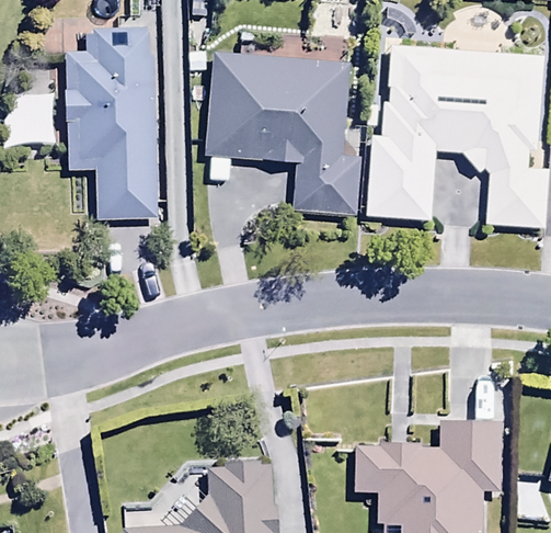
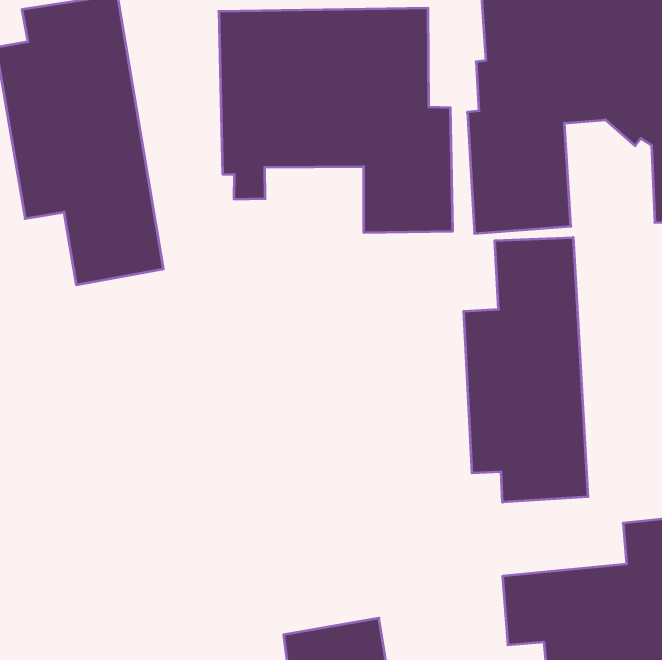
building: none -> [464,237,588,502]

